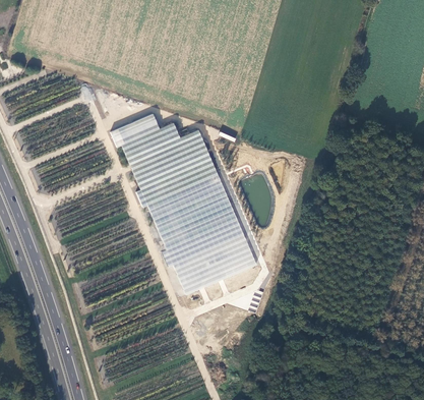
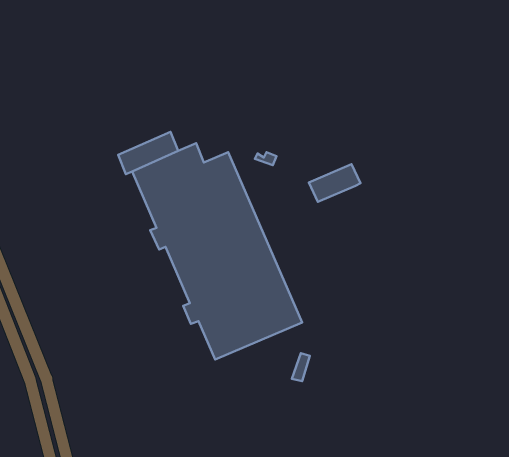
building: none -> [309,164,360,202]

